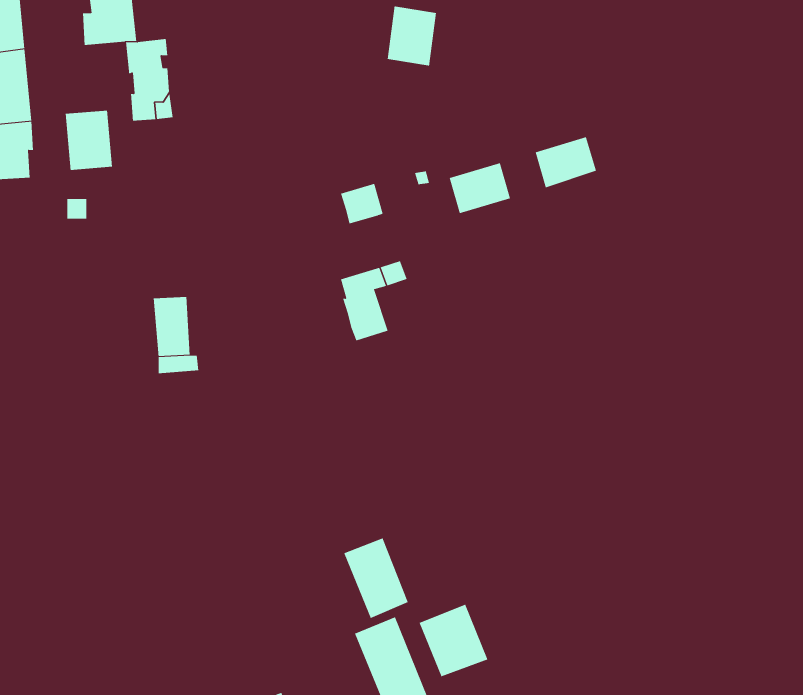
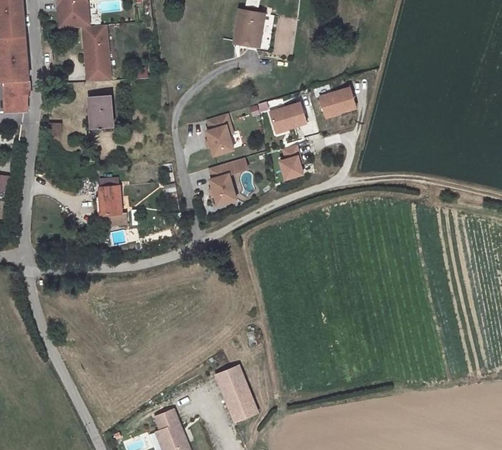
building: [65,110,113,170] -> [86,94,114,129]
building: none -> [205,130,234,156]
building: none -> [279,145,305,180]
building: [344,537,408,619] -> none
building: [419,604,488,677] -> none

